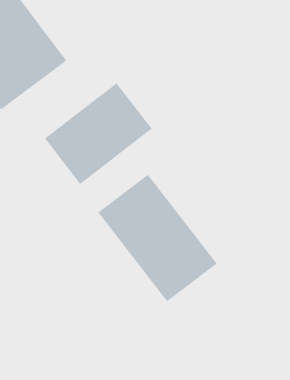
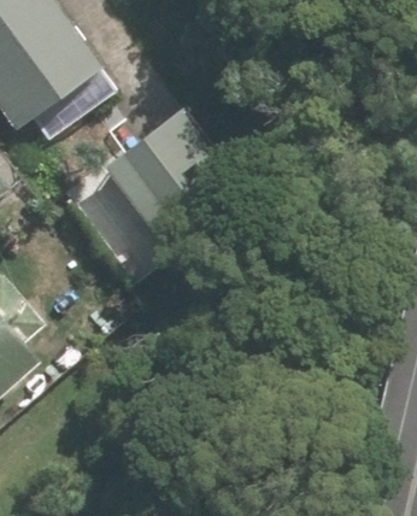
building: [98,174,217,302] -> none

